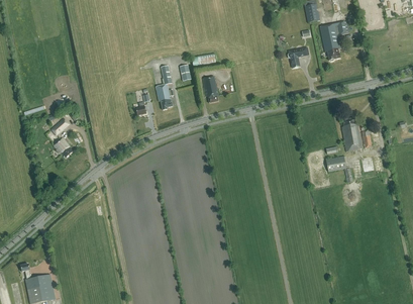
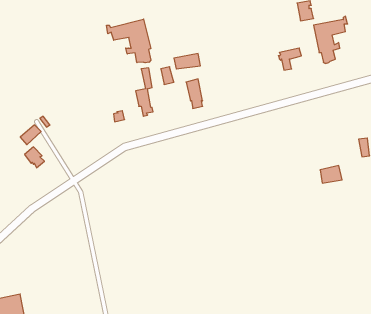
building: none -> [107,19,151,63]
building: [342,116,363,150] -> none

